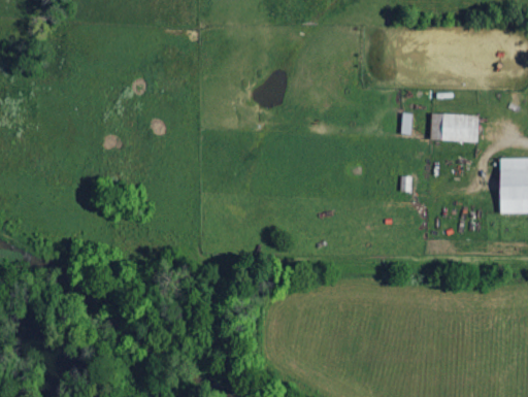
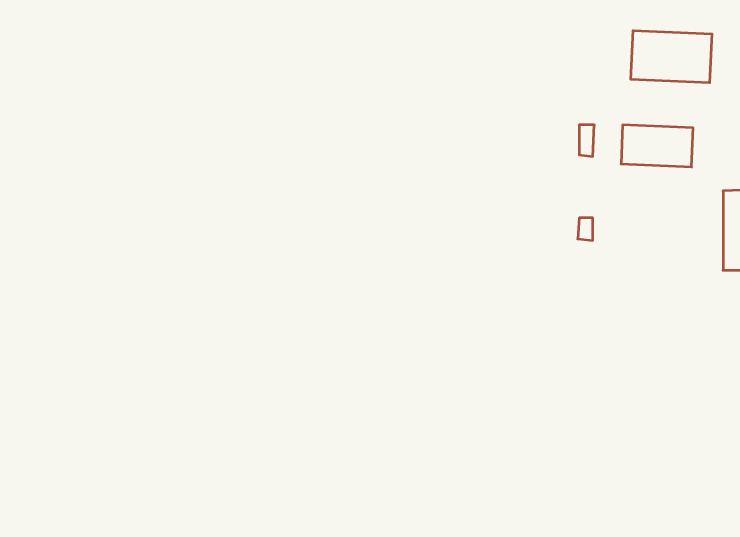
building: none -> [631,31,712,83]

